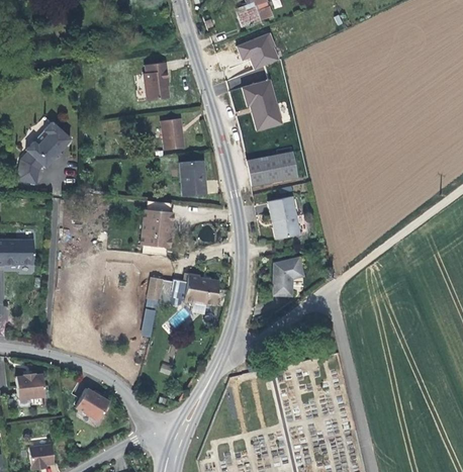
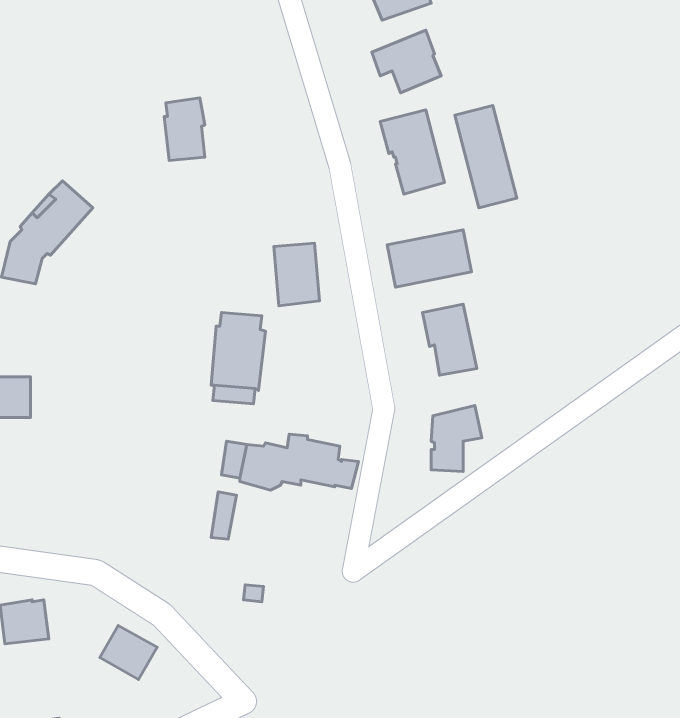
building: [145,63,169,100] -> [164,98,205,160]
building: none -> [455,105,517,208]
building: [161,118,184,150] -> none

